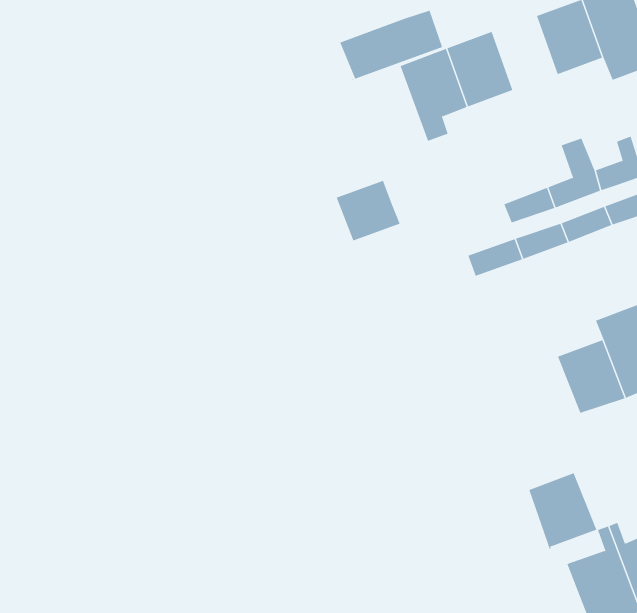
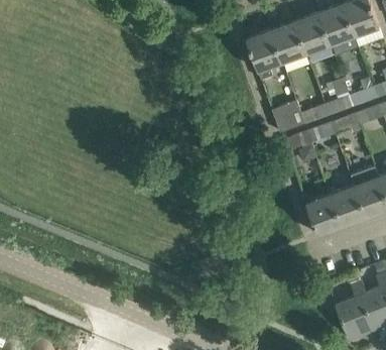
building: [340,10,443,81] -> none
building: none -> [295,12,330,51]
building: [336,180,401,241] -> [271,99,305,131]
building: [528,473,597,551] -> [305,193,342,234]

